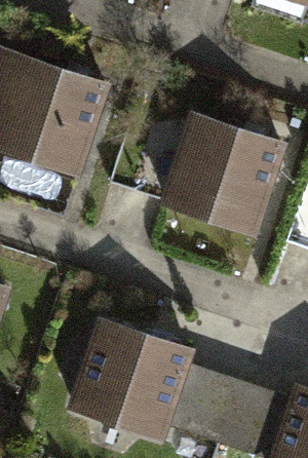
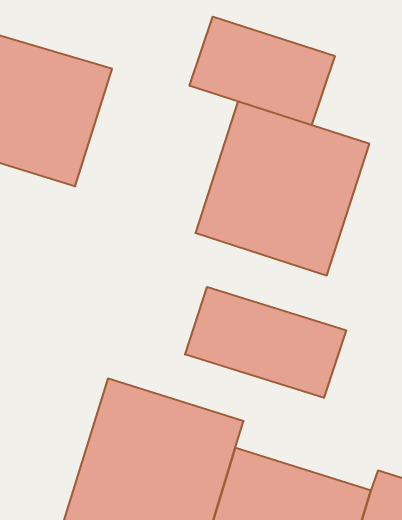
building: none -> [190,17,335,125]
building: none -> [185,287,346,398]

